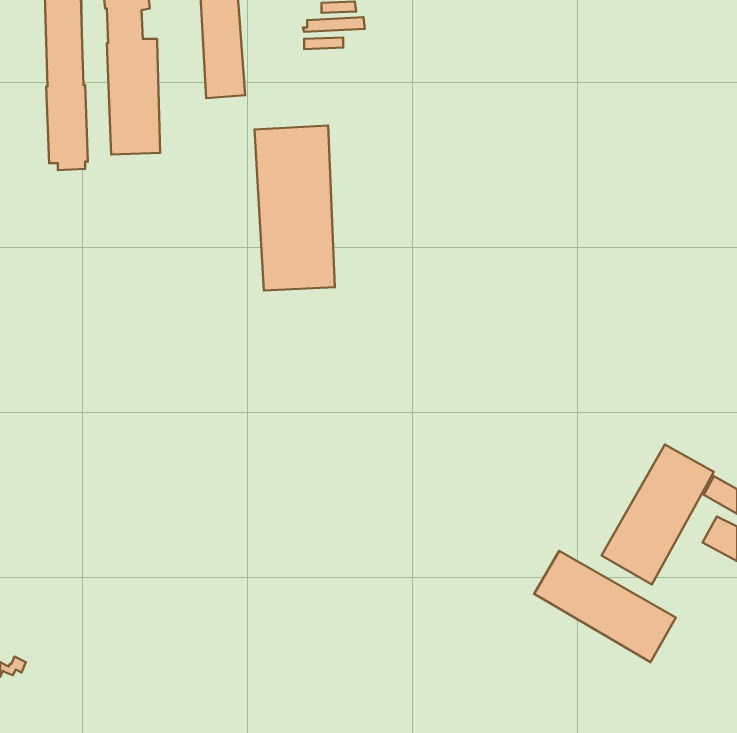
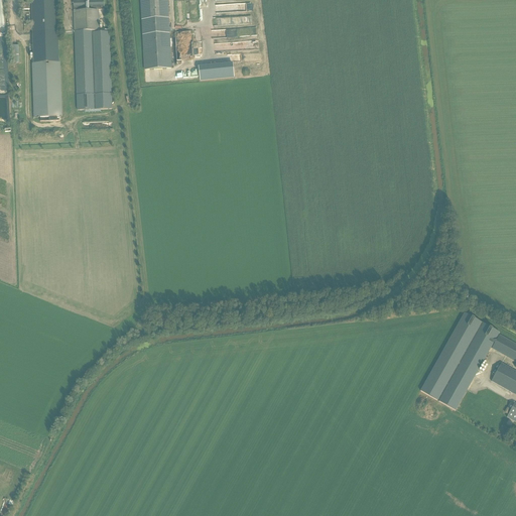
building: none -> [196,60,232,78]
building: [255,125,335,291] -> none
building: [534,551,676,662] -> none

